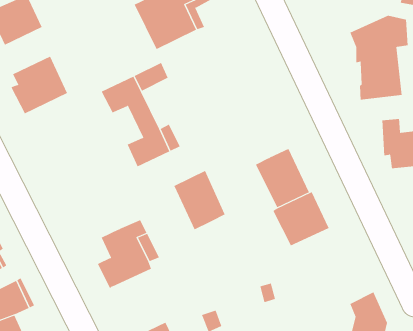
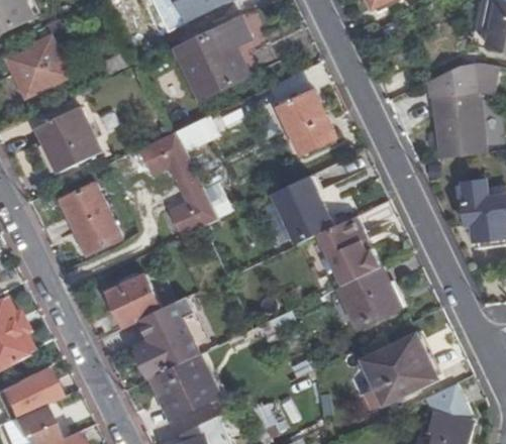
building: none -> [278,90,335,152]
building: none -> [59,184,120,254]
building: [174,170,226,230] -> [272,175,332,244]
building: none -> [104,276,158,327]
building: none -> [360,333,434,409]
building: none -> [149,355,214,417]

